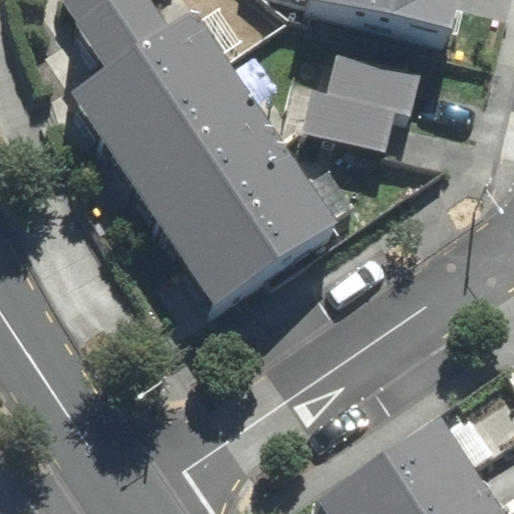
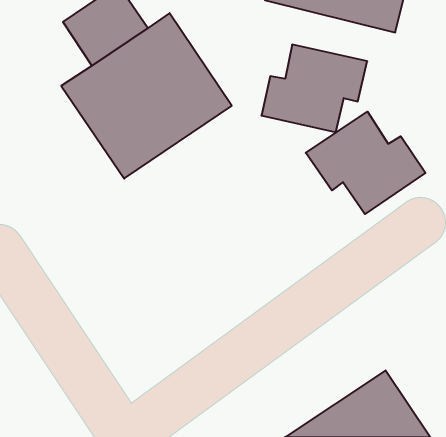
building: [143,121,338,311] -> none
building: none -> [306,112,425,214]

